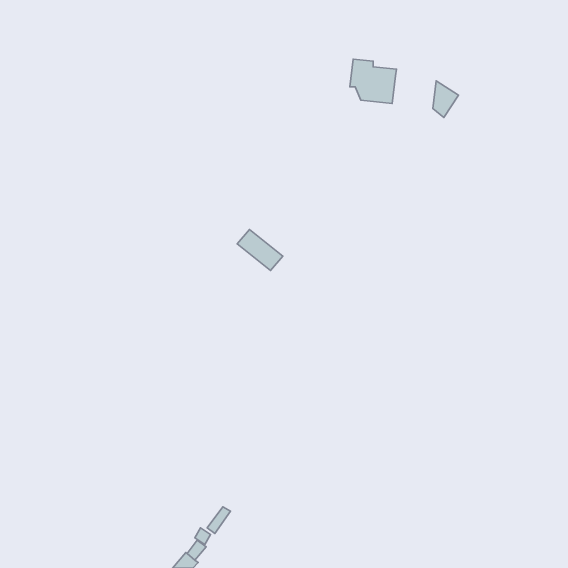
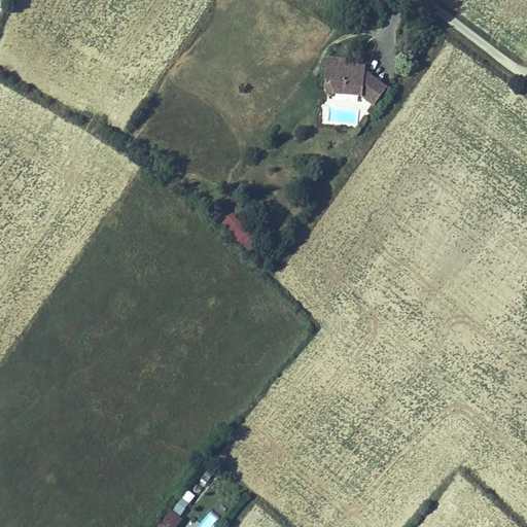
building: [433,81,458,117] -> [362,70,386,104]

